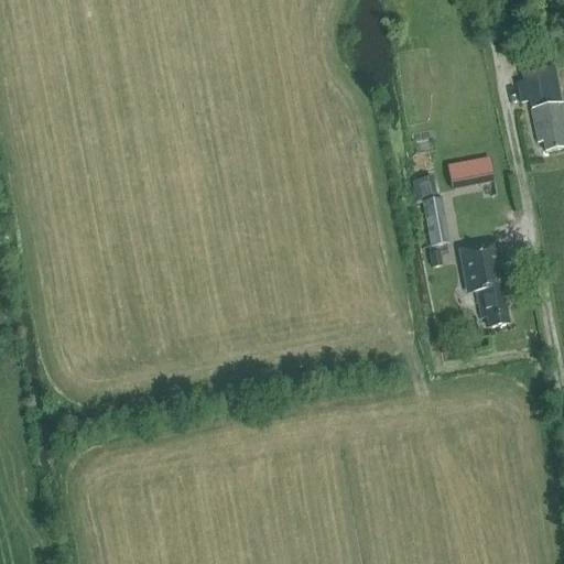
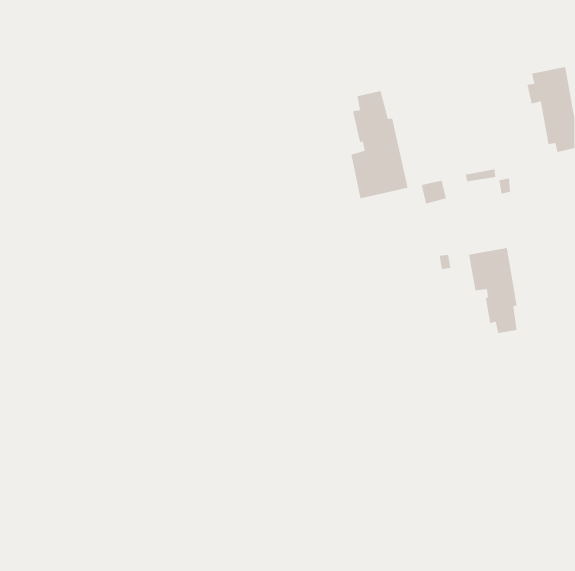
building: none -> [350,90,408,199]
building: [422,196,448,242] -> none

